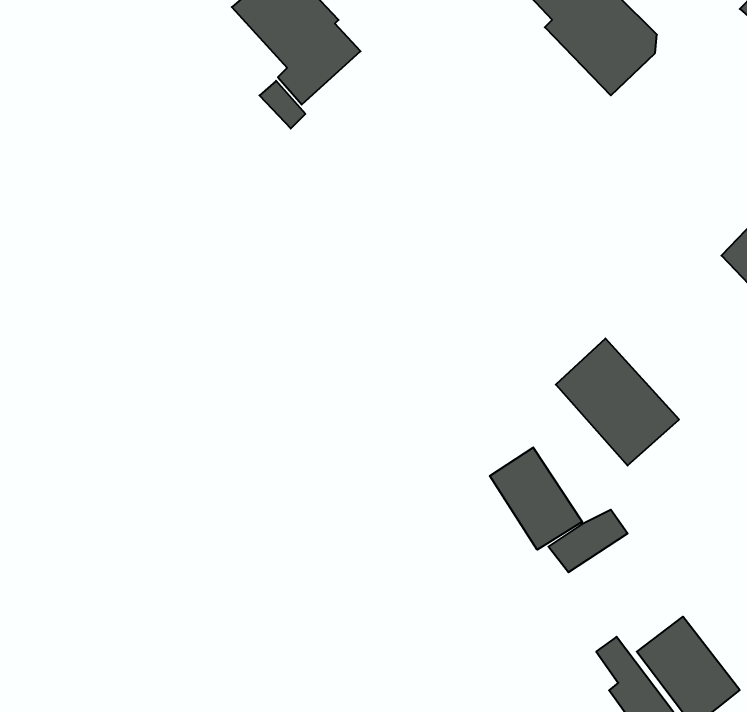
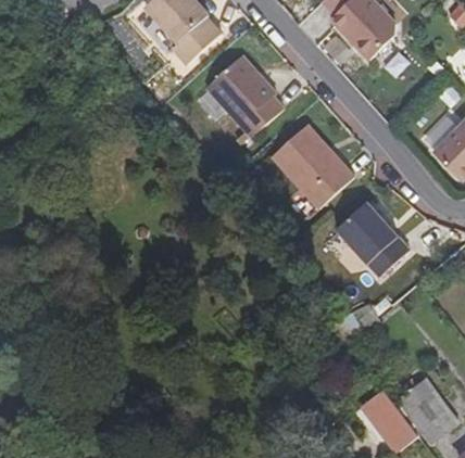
building: none -> [208,56,285,139]
building: none -> [273,125,355,209]
building: [490,447,582,550] -> none

